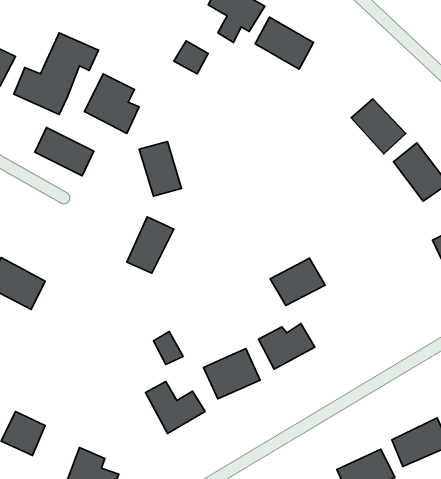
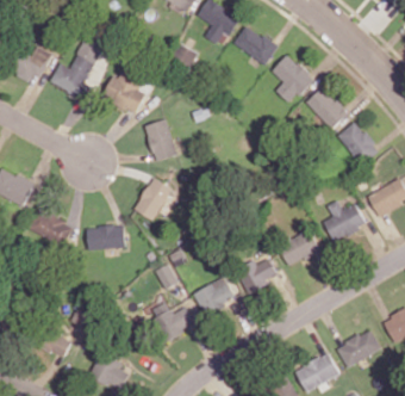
building: none -> [272,54,313,104]
building: [35,127,94,176] -> none
building: none -> [323,199,367,242]
building: [270,258,325,305] -> [278,230,319,266]
building: none -> [87,225,125,249]

